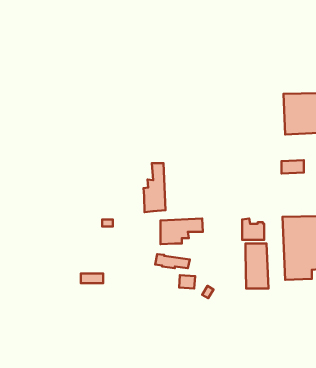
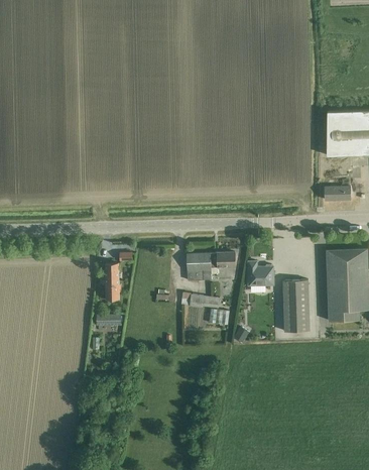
building: [144,163,166,212] -> none
building: [242,219,264,240] -> [248,260,273,284]
building: none -> [101,262,119,299]

